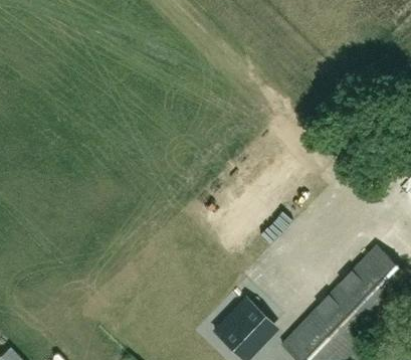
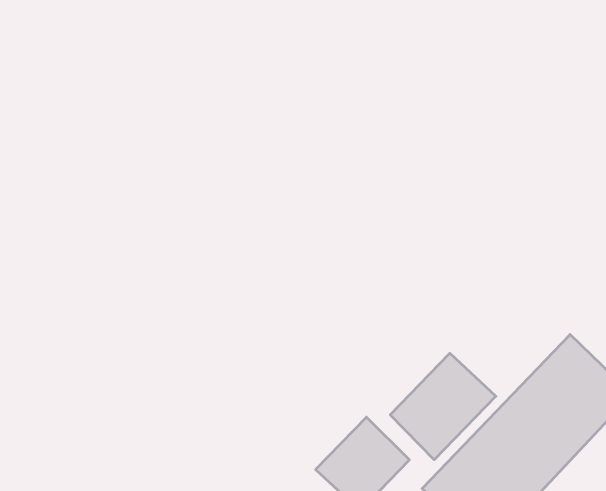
building: none -> [390,353,496,460]

